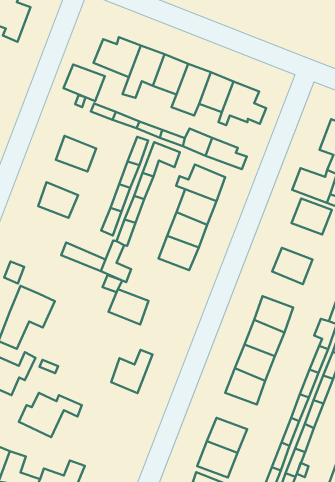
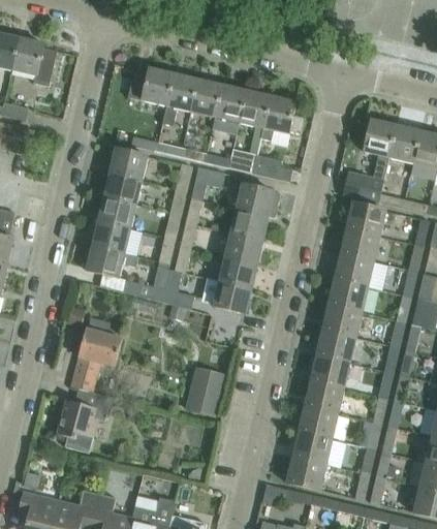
building: [64,65,105,101] -> [108,148,148,181]
building: none -> [97,197,136,229]
building: none -> [86,246,137,277]
building: none -> [340,227,378,260]
building: none -> [327,278,366,311]
building: [109,289,149,325] -> [213,281,251,313]
building: [19,393,82,437] -> none
building: none -> [299,405,337,438]

